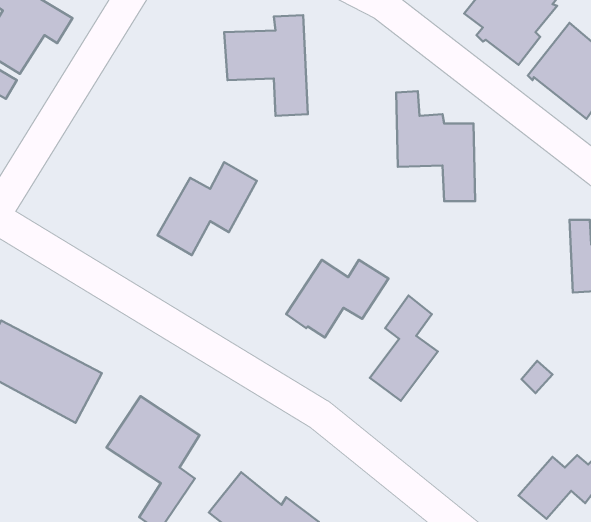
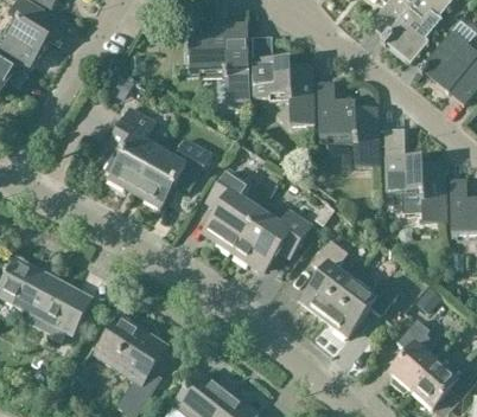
building: none -> [253,37,314,123]
building: none -> [101,107,160,192]
building: none -> [383,129,449,223]
building: none -> [206,168,261,252]
building: none -> [322,270,396,336]
building: none -> [389,317,438,391]

